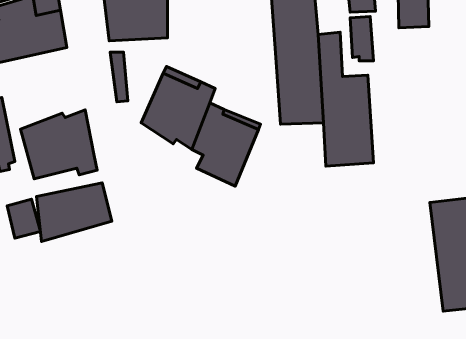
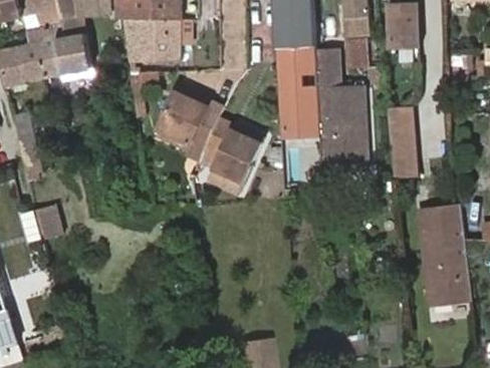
building: none -> [390,105,420,174]
building: [21,110,97,179] -> none
building: [36,183,112,242] -> none

